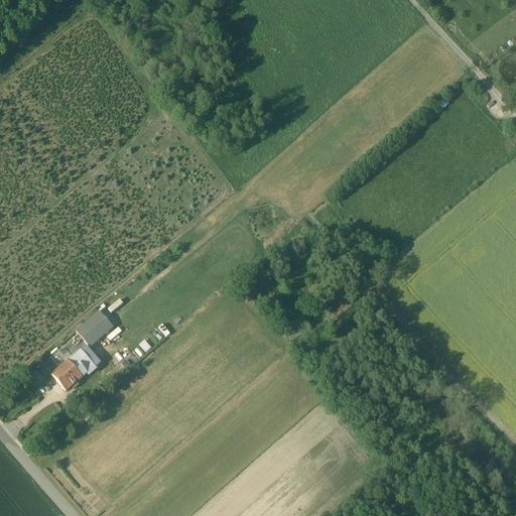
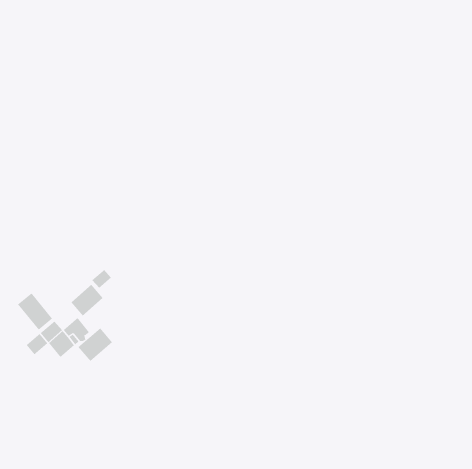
building: none -> [17,293,53,331]
building: none -> [78,328,113,362]

